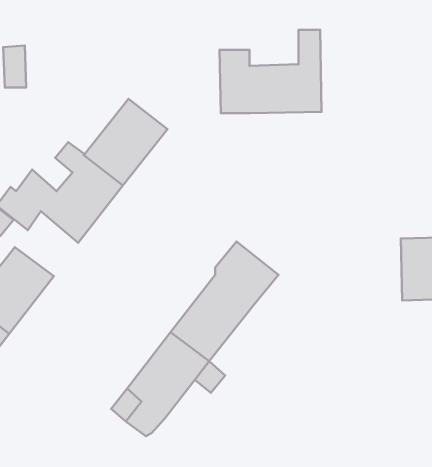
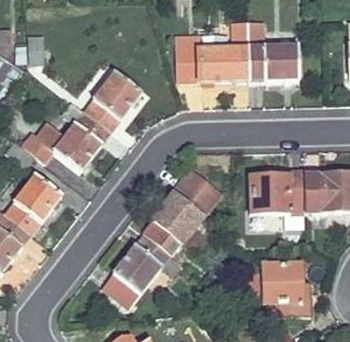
building: none -> [248,24,299,81]
building: none -> [250,169,305,213]
building: none -> [243,264,310,320]

